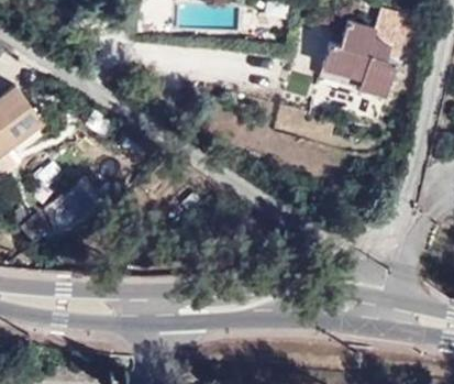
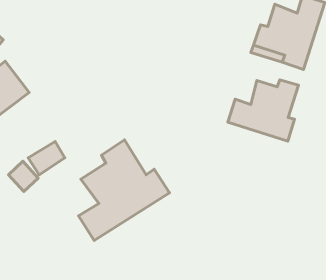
building: none -> [228,80,298,141]
building: none -> [78,140,170,241]

